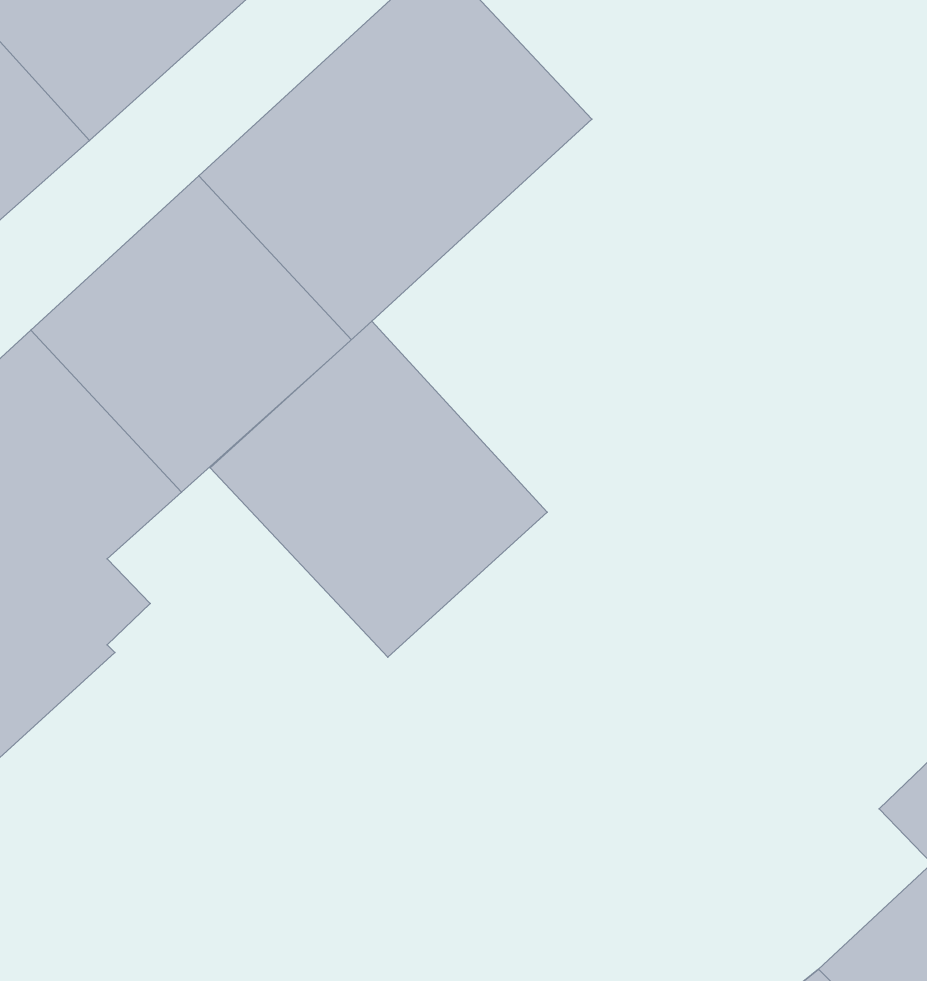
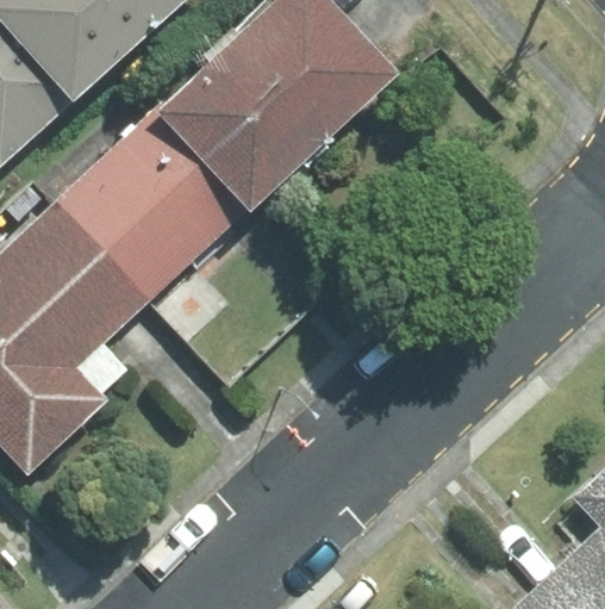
building: [210,321,547,657] -> none

